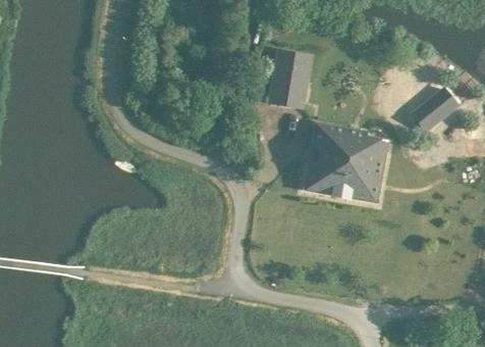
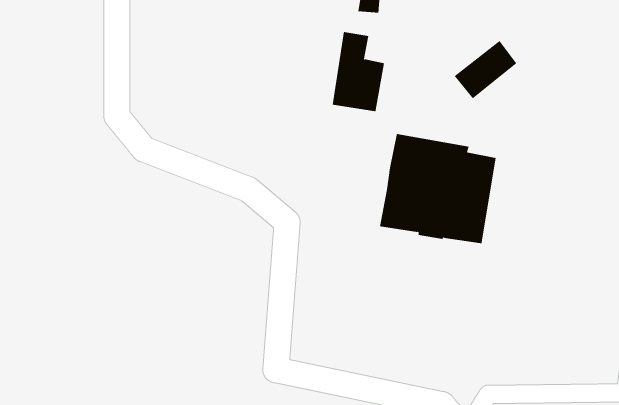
building: [412,88,456,130] -> [454,40,517,99]

